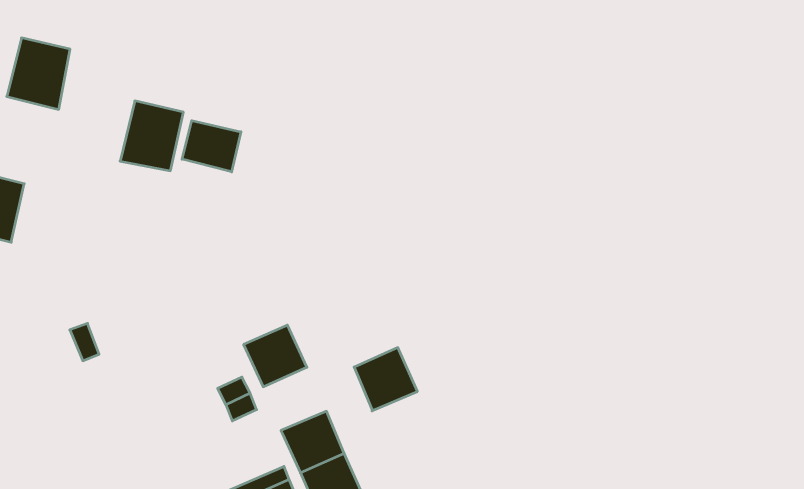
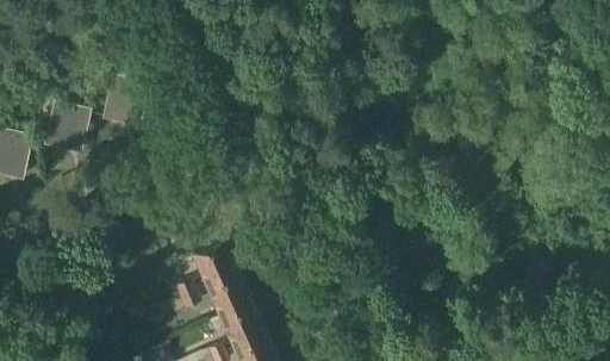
building: [7,38,70,109] -> [43,101,89,154]
building: [182,121,241,172] -> none
building: [354,348,417,411] -> [206,270,253,317]

